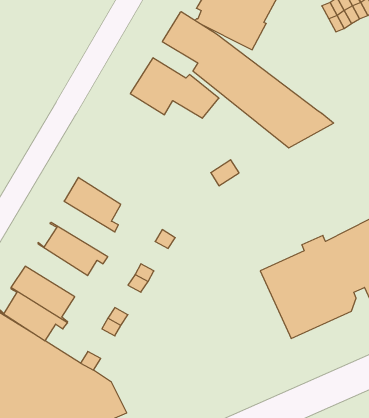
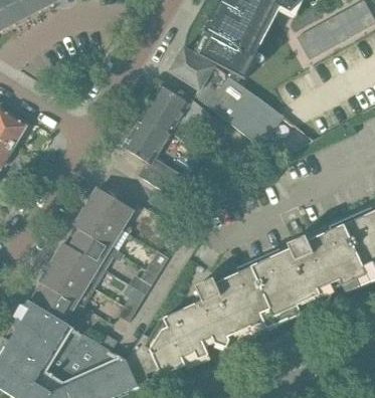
building: none -> [122,114,186,196]
building: none -> [73,205,128,252]
building: none -> [51,241,105,286]
building: none -> [125,264,277,385]

